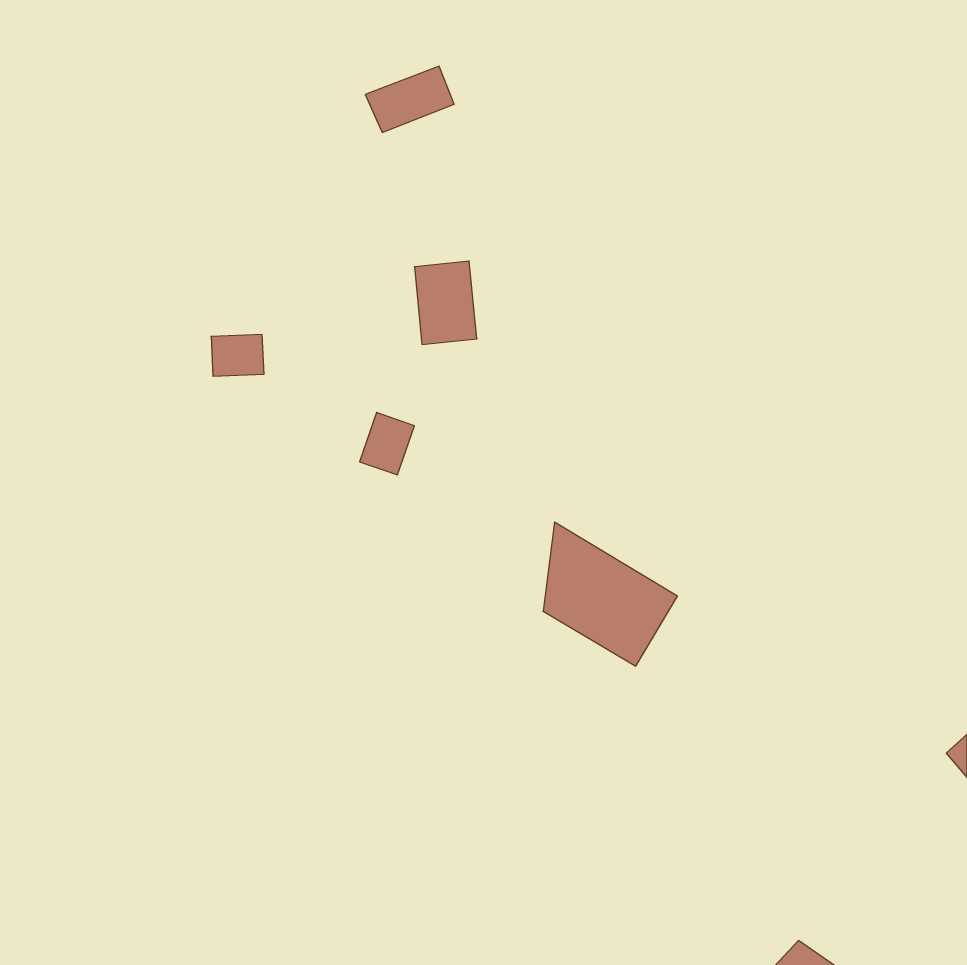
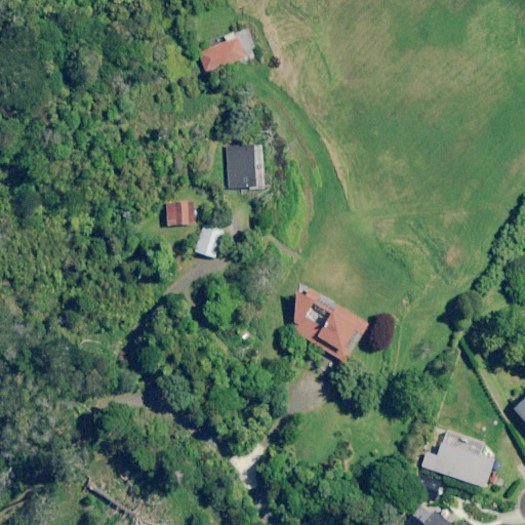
building: [211,335,264,376] -> [165,201,194,224]
building: none -> [419,431,492,488]

